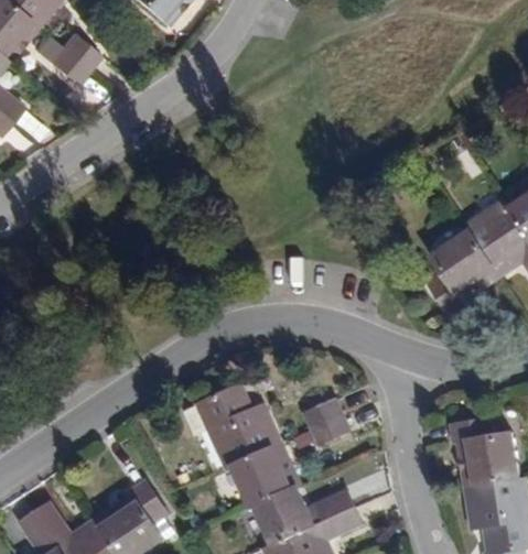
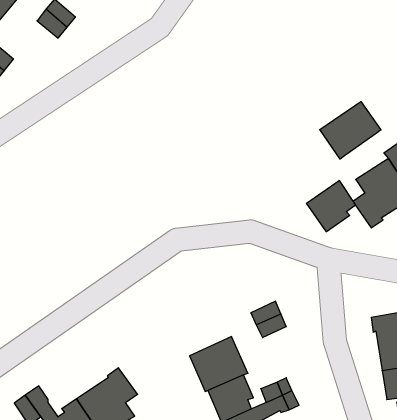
building: none -> [320,102,381,159]
building: none -> [307,180,355,232]
building: [197,384,283,467] -> none

